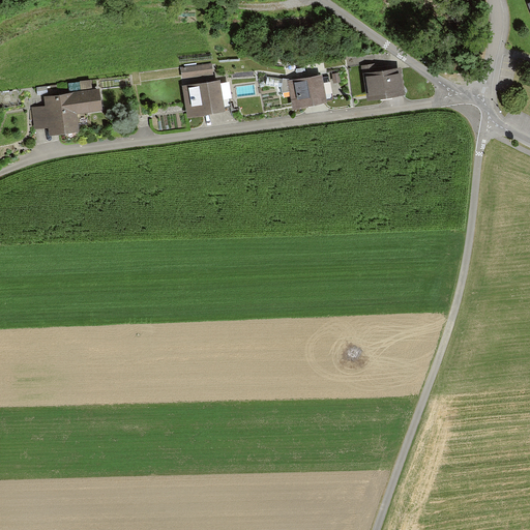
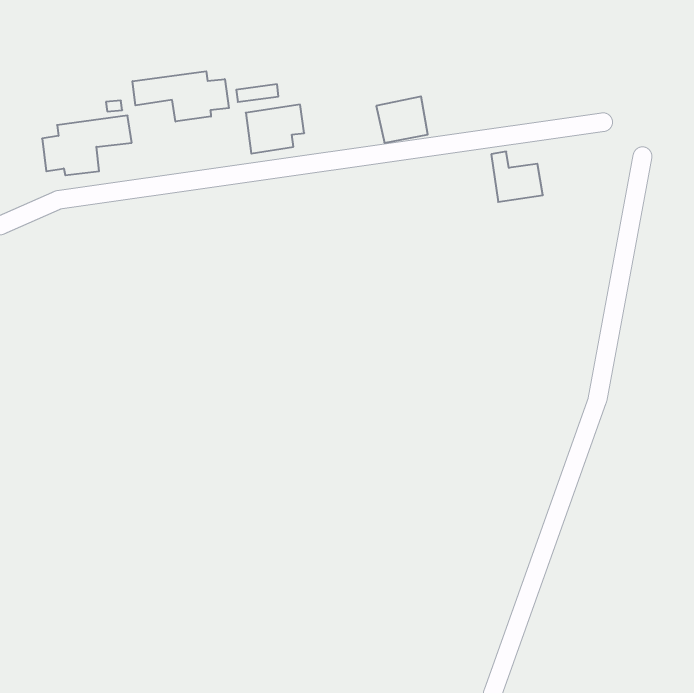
building: none -> [133,71,229,122]
building: [363,61,403,99] -> [491,152,543,202]

